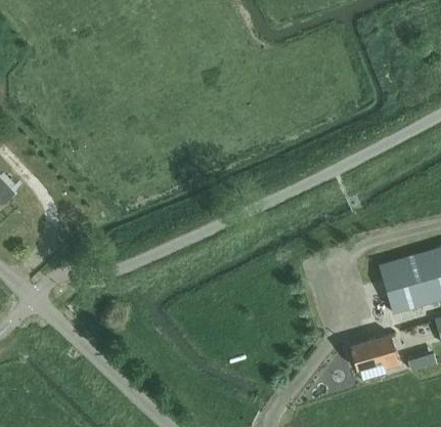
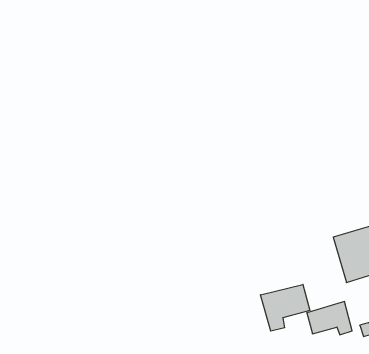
building: none -> [260,284,310,331]

